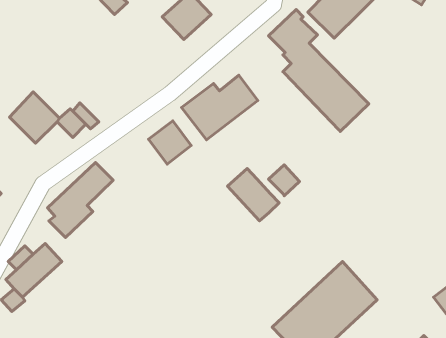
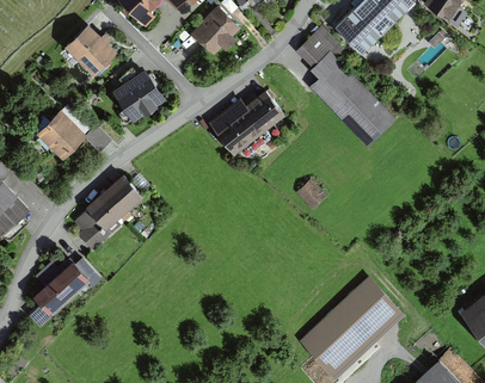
building: none -> [65,24,118,76]
building: none -> [113,68,167,122]
building: [149,121,191,164] -> none
building: [228,168,279,221] -> none

